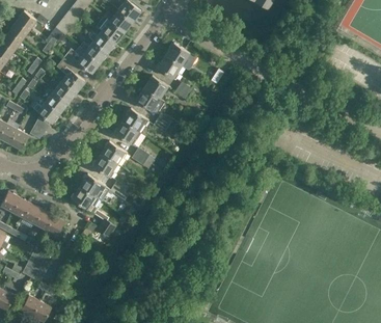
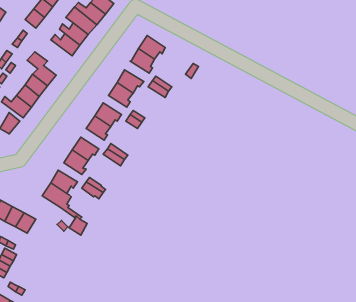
building: [63,48,100,74] -> none

